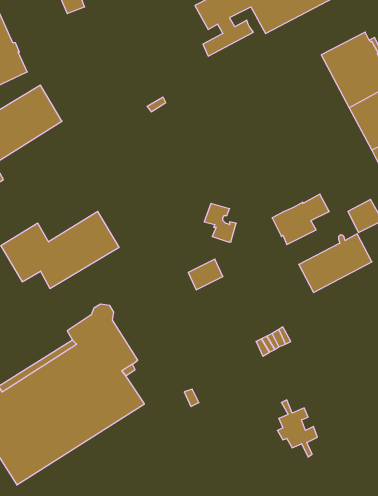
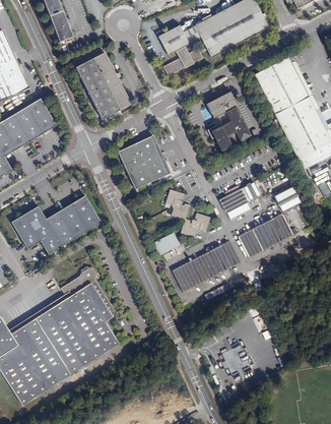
building: none -> [75,52,131,119]
building: none -> [206,90,250,149]
building: none -> [118,134,171,189]
building: none -> [180,211,209,236]
building: none -> [171,239,240,291]

